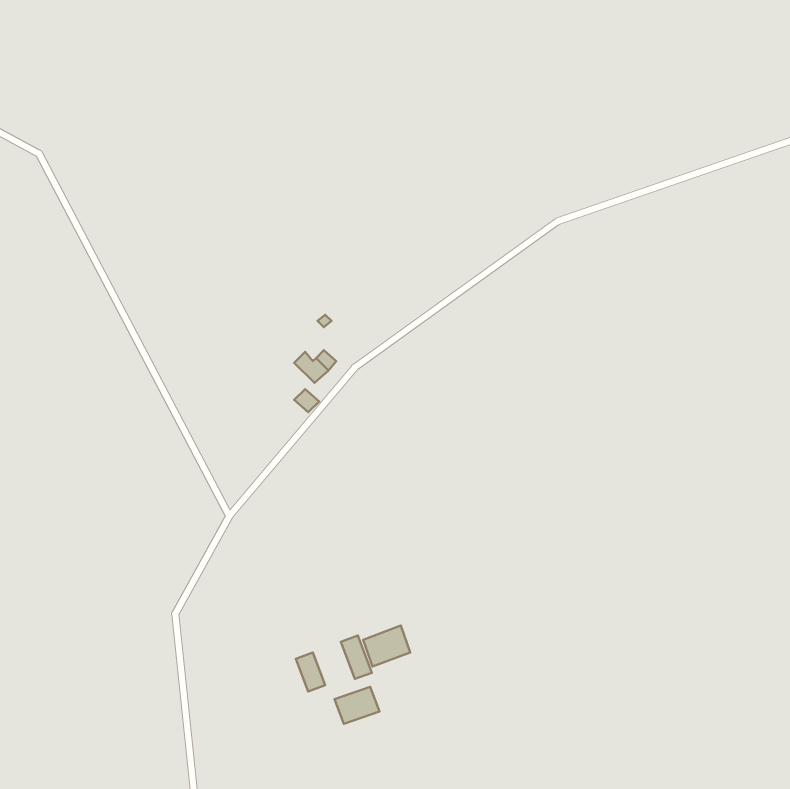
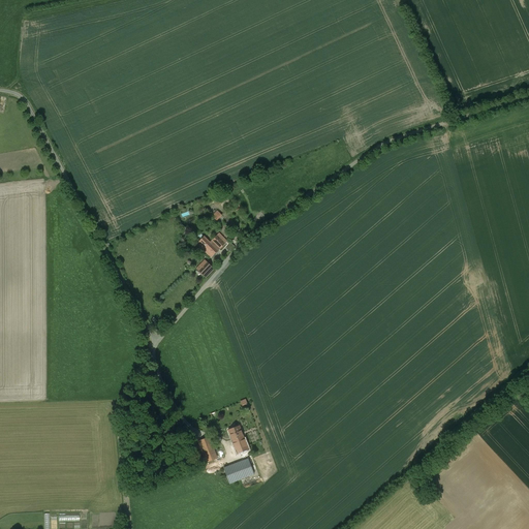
building: [363,626,410,666] -> none

